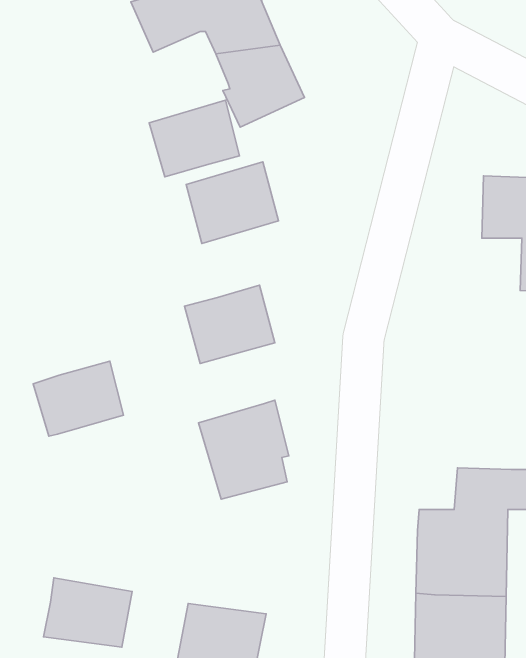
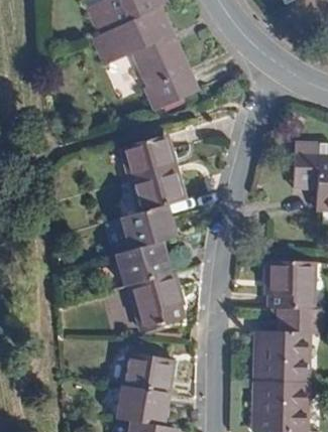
building: [149,100,240,177] -> [131,165,184,209]
building: [33,361,124,436] -> [115,240,168,283]
building: none -> [268,261,313,309]
building: [43,578,132,647] -> [123,352,175,393]

